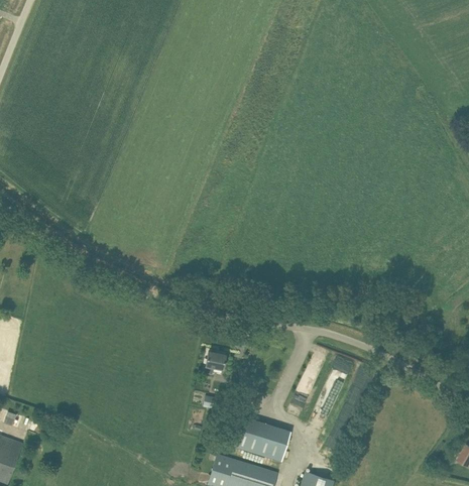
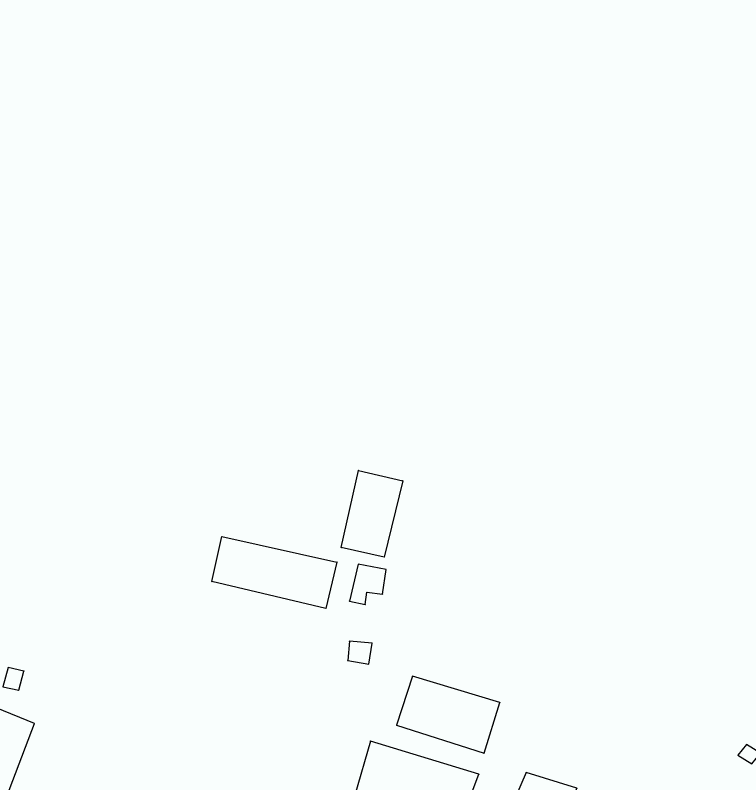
building: none -> [341,470,403,557]
building: none -> [212,537,337,608]

